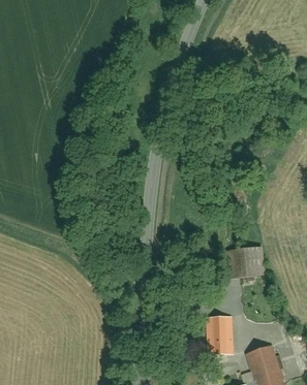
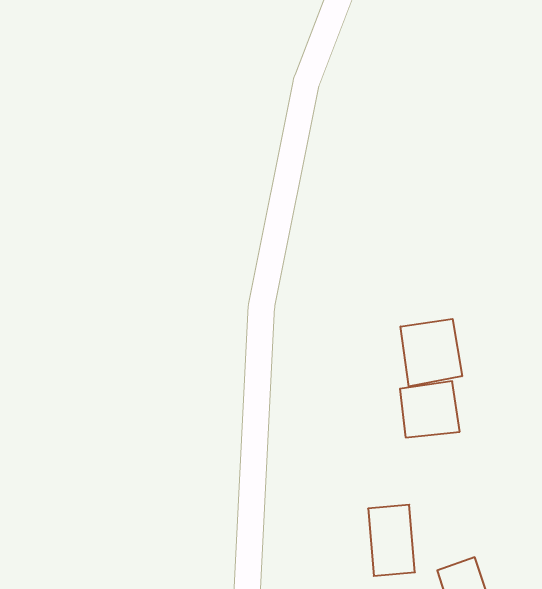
building: none -> [401,319,462,386]

